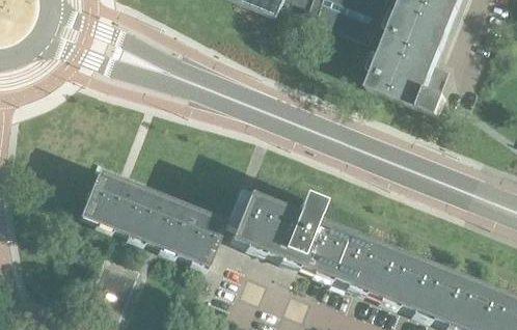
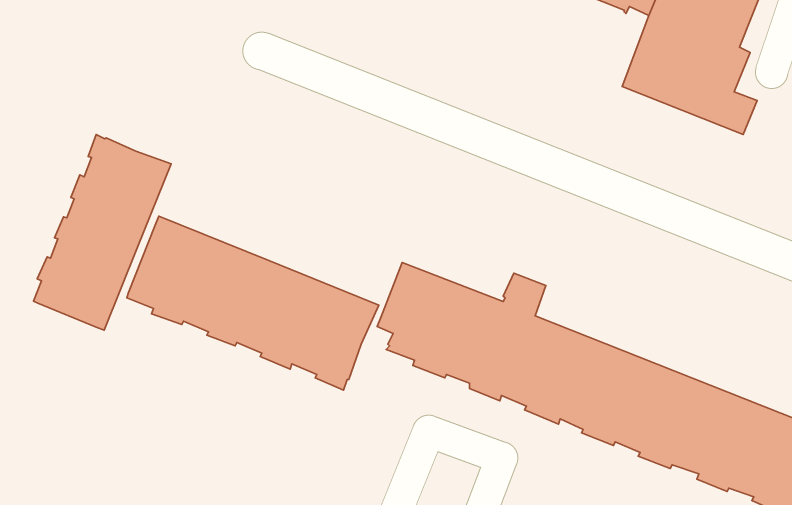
building: none -> [33,135,171,330]

